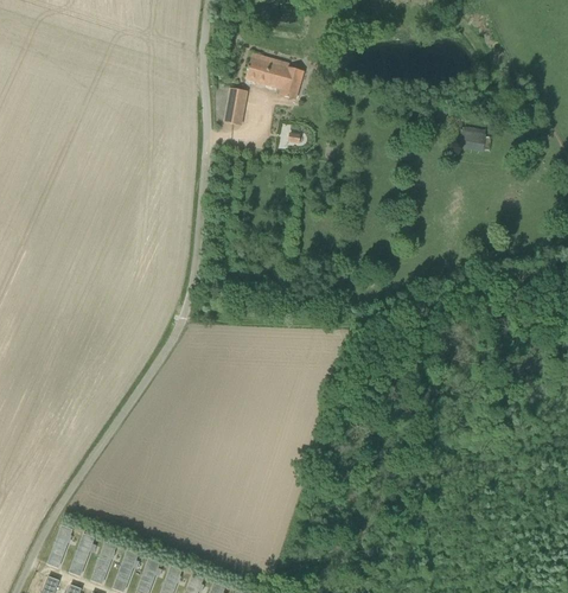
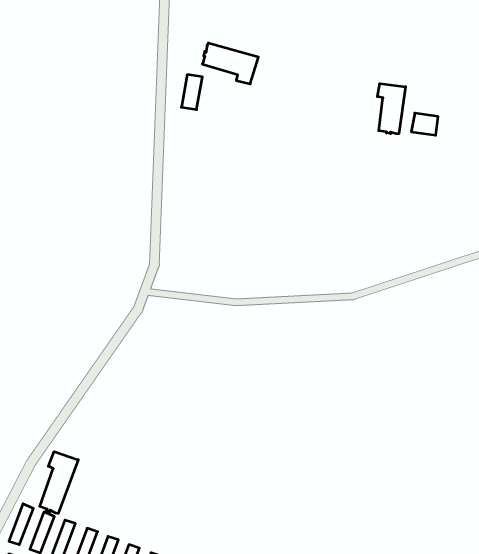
building: none -> [377,84,406,134]
building: none -> [40,452,78,513]

